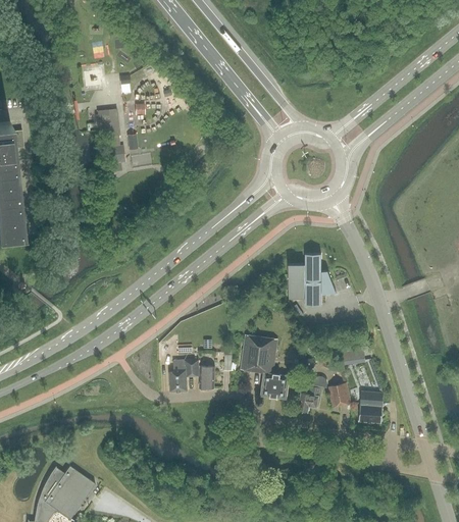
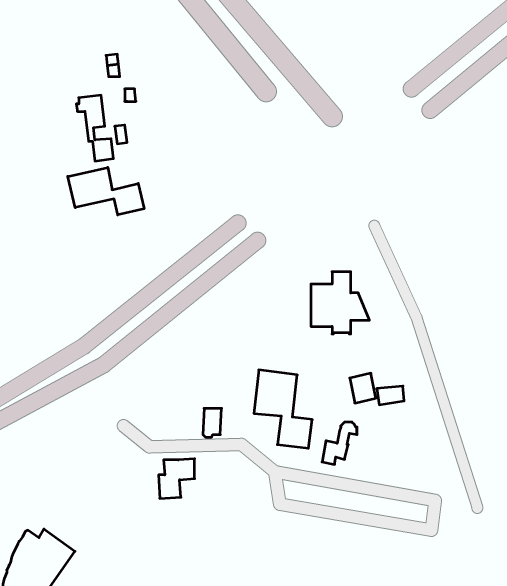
building: none -> [68,167,144,215]
building: [169,359,199,392] -> [159,459,195,498]
building: [329,382,351,407] -> [350,373,376,403]
building: [359,390,384,422] -> none

